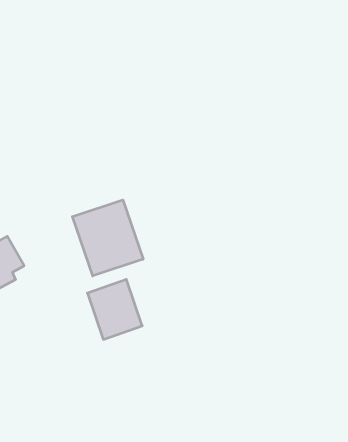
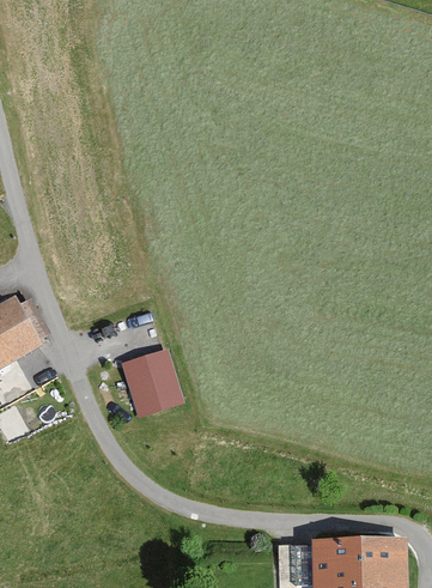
building: [72,200,143,276] -> none

